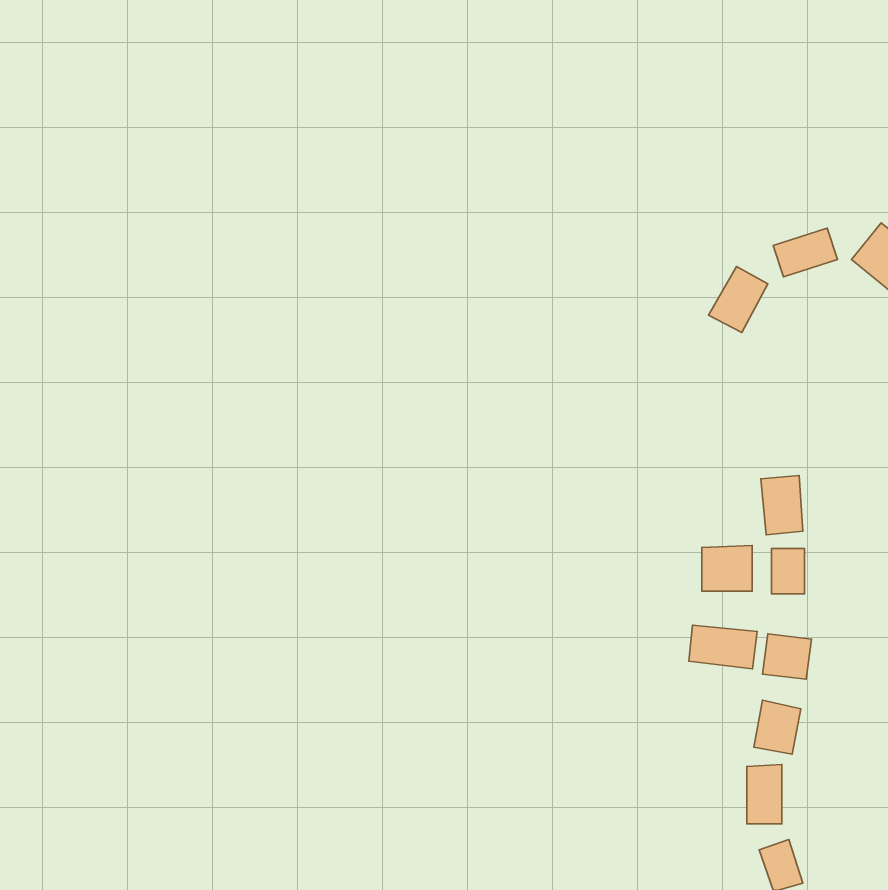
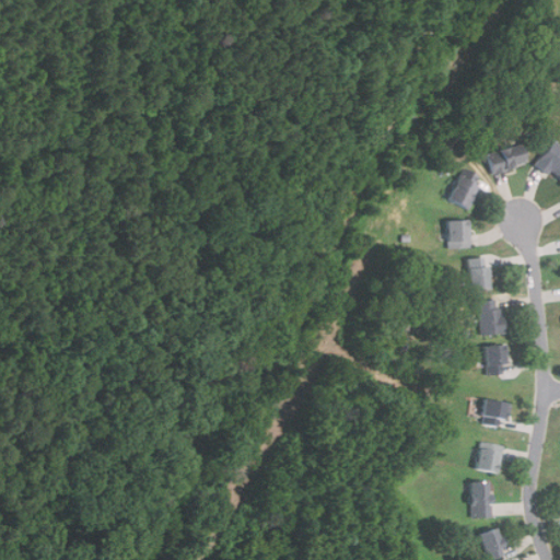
building: none -> [446,220,471,248]
building: none -> [467,256,491,291]
building: [702,545,752,591] -> none
building: [689,625,757,669] -> none

